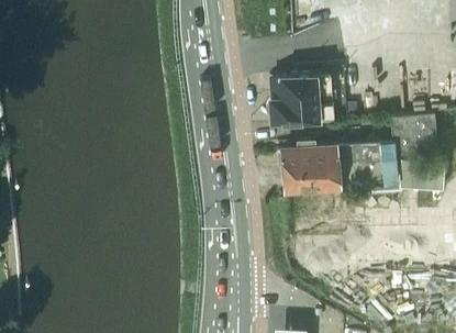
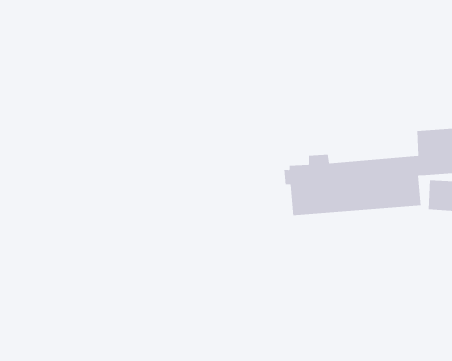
building: [263,77,336,126] -> none

